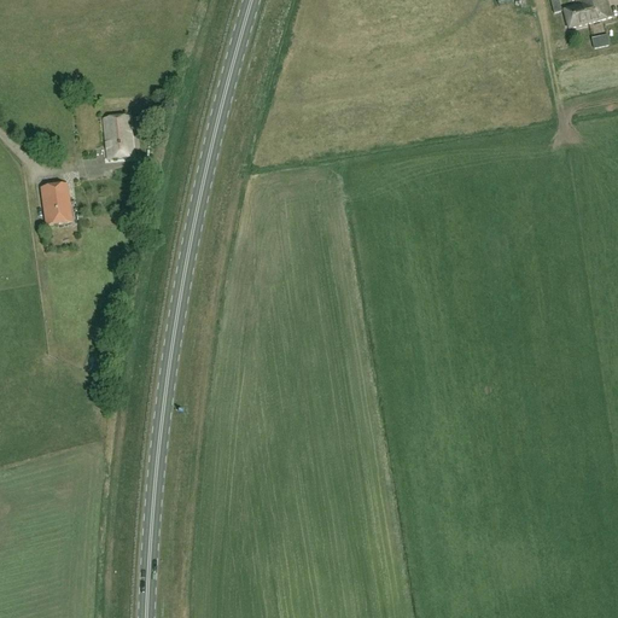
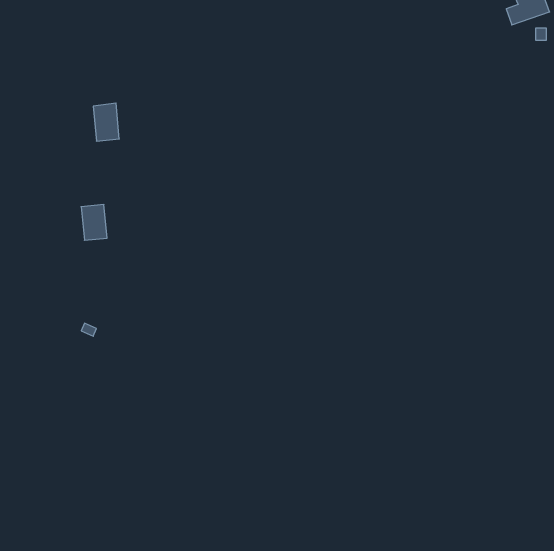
building: [41,181,70,221] -> [81,205,107,240]

